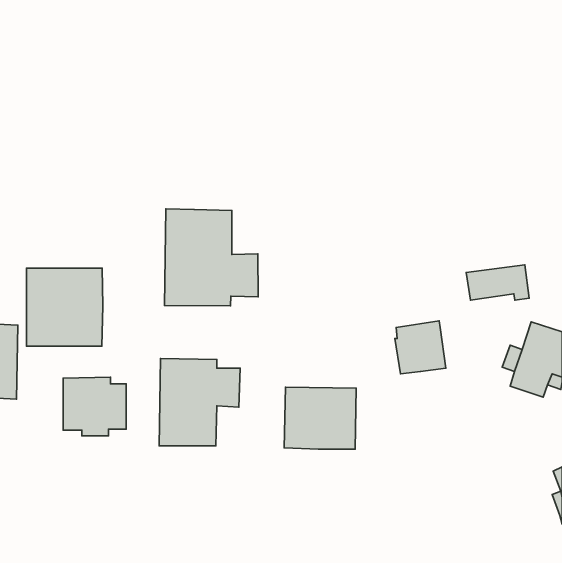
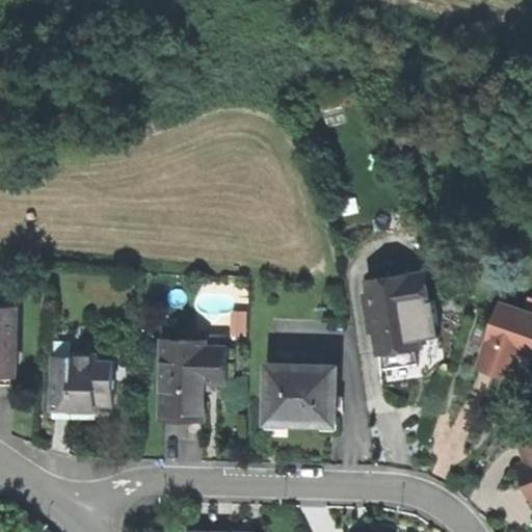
building: [165,209,258,306] -> none
building: [466,265,529,300] -> [368,276,427,310]
building: [26,268,103,346] -> none

